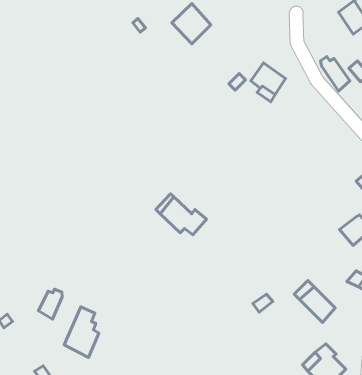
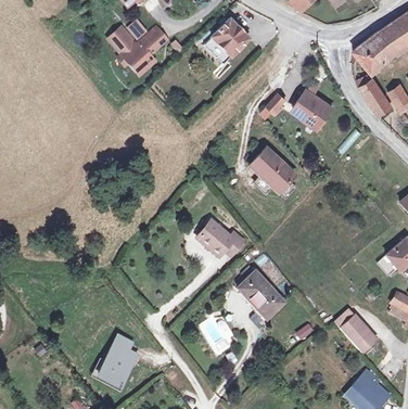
building: none -> [111,27,158,72]
building: none -> [357,30,396,73]
building: none -> [251,149,295,192]
building: none -> [239,273,282,320]
building: [38,289,62,319] -> none

